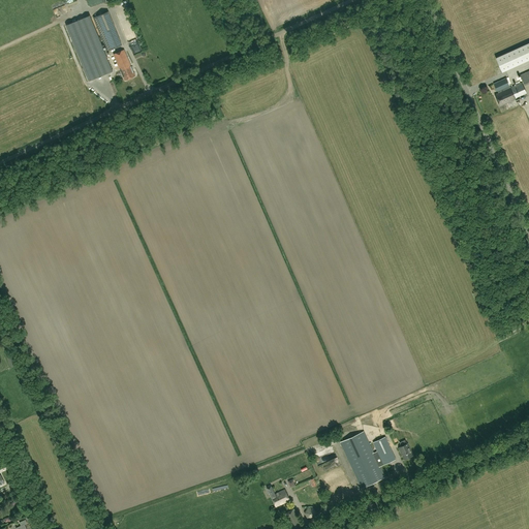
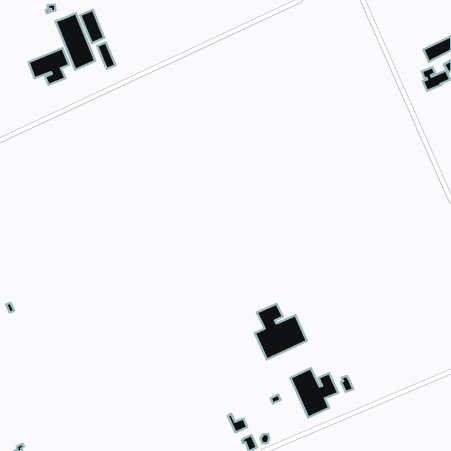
building: none -> [29,48,69,85]
building: none -> [255,304,307,360]

